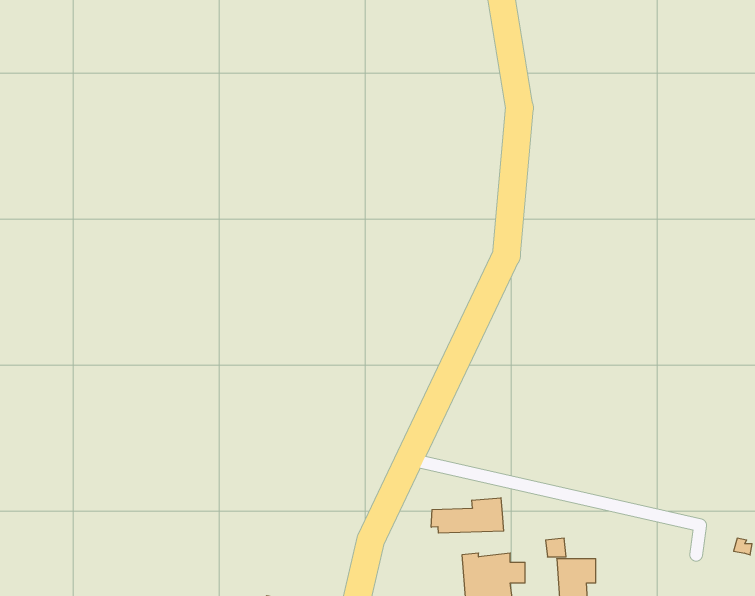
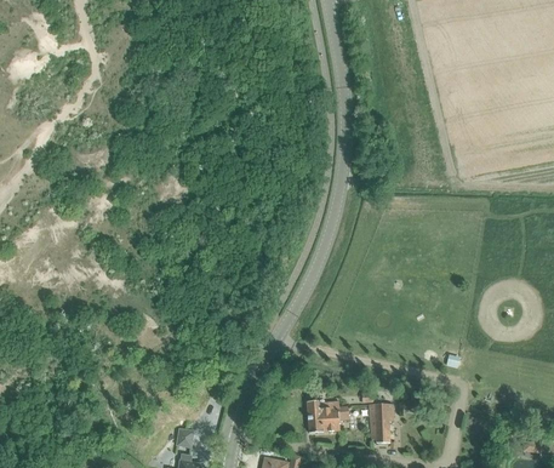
building: [431,498,504,533] -> none

